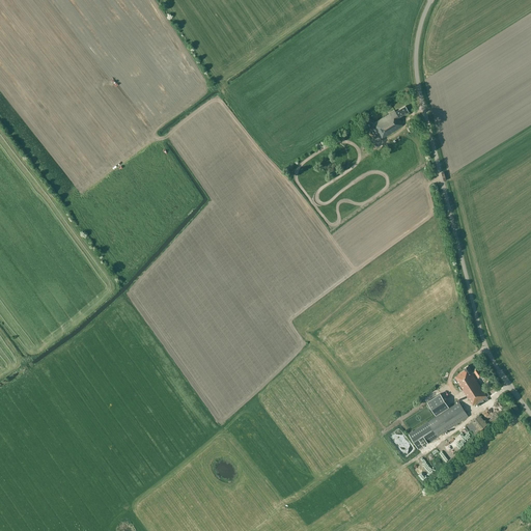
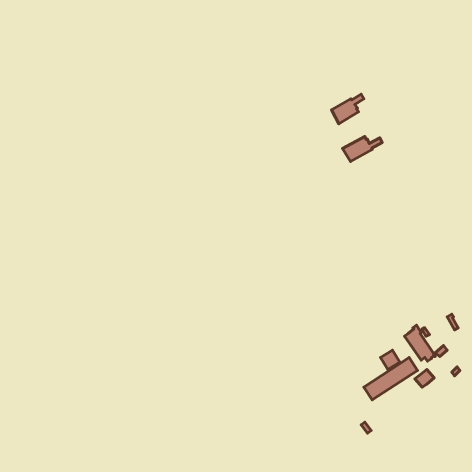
building: none -> [342,137,382,162]

